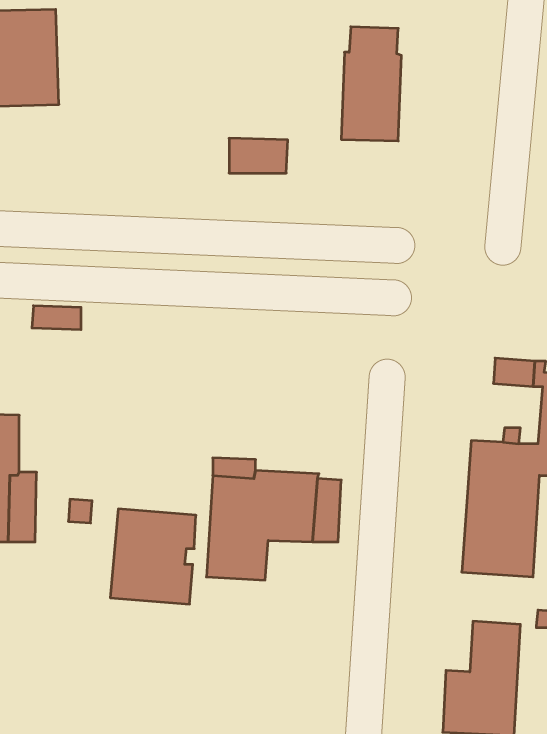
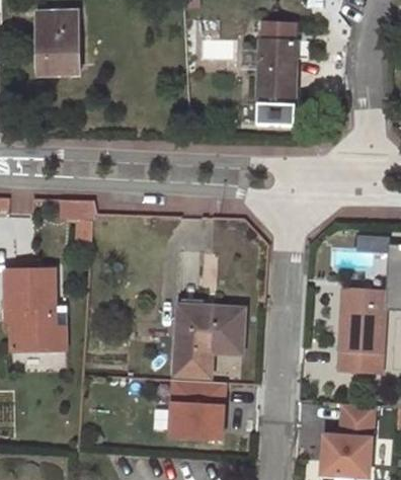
building: [229,138,288,173] -> [258,101,296,124]
building: [110,509,196,604] -> [168,379,223,439]

